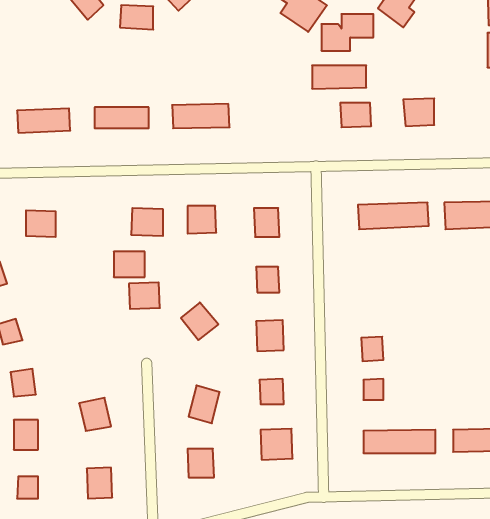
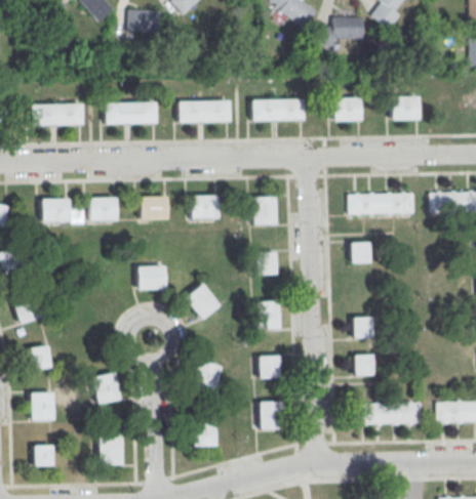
building: [312,65,366,89] -> [253,99,304,121]
building: [114,252,145,277] -> [89,198,118,221]
building: none -> [351,242,370,263]

